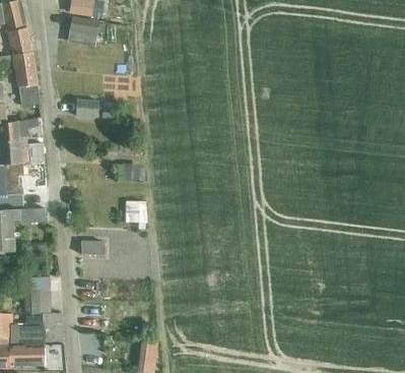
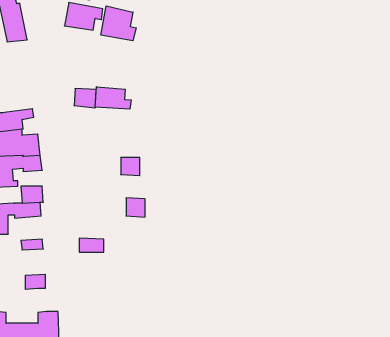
building: none -> [101,6,136,41]
building: [12,53,38,99] -> none
building: none -> [95,87,131,109]
building: [24,291,50,314] -> none

